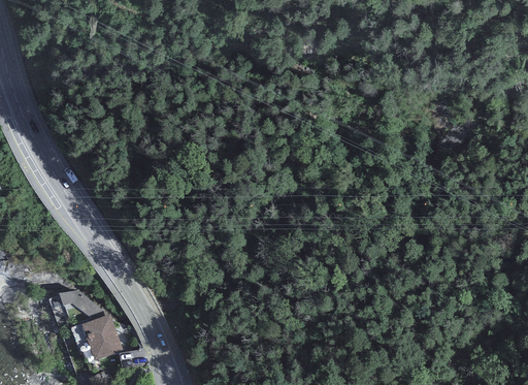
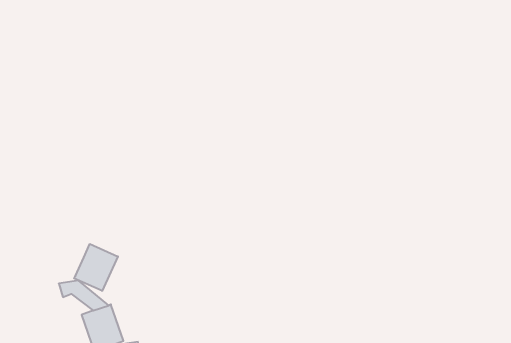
building: none -> [74,244,118,291]

